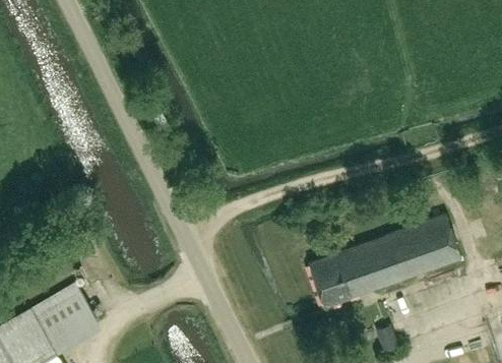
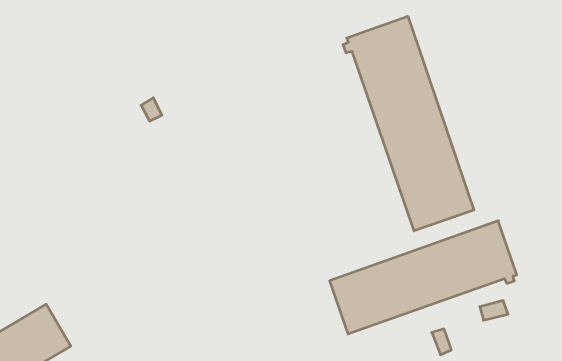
building: none -> [343,16,474,231]

